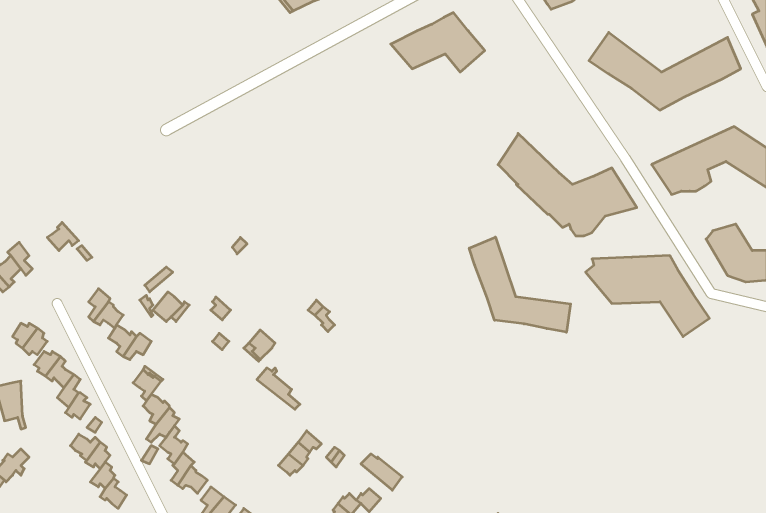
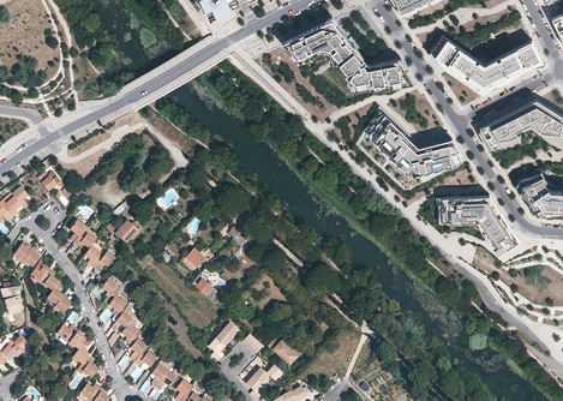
building: none -> [339,47,417,91]
building: [469,237,571,332] -> none

